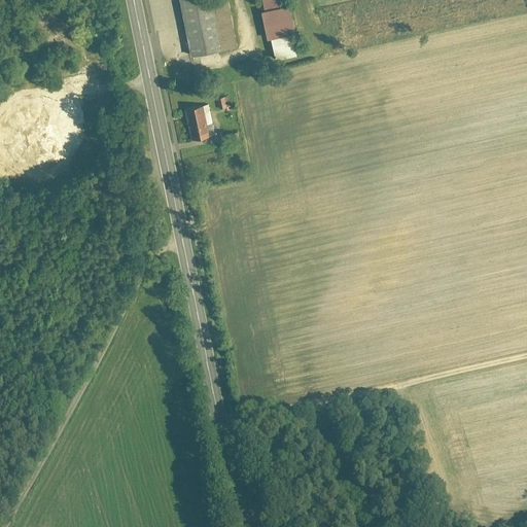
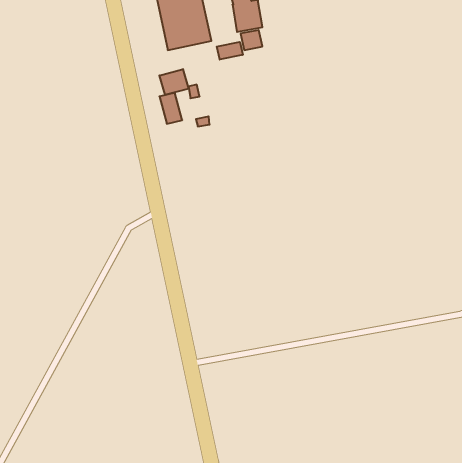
building: none -> [217,42,243,60]
building: none -> [159,69,189,95]

